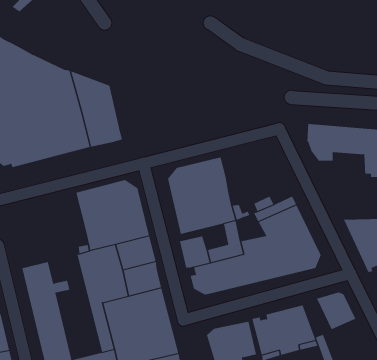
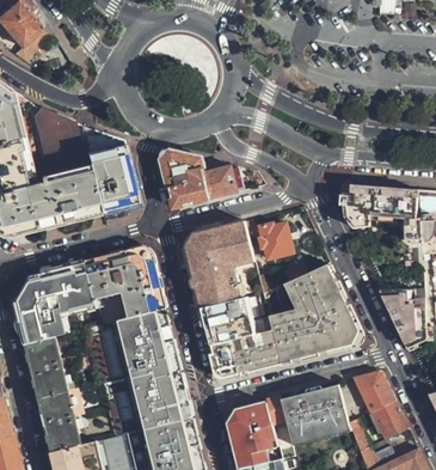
building: none -> [160,152,235,208]
building: none -> [257,222,291,258]
building: none -> [12,261,96,344]
building: none -> [370,401,407,439]

